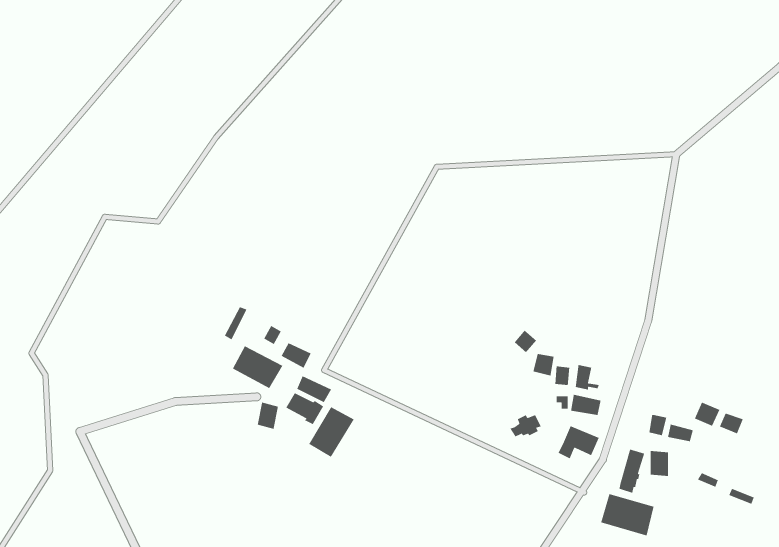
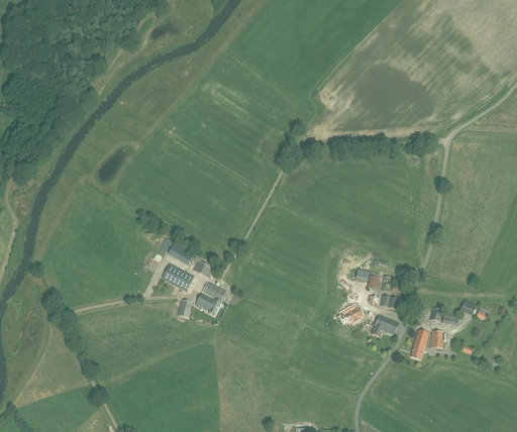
building: [308,406,355,458] -> none
building: [600,493,654,537] -> none

